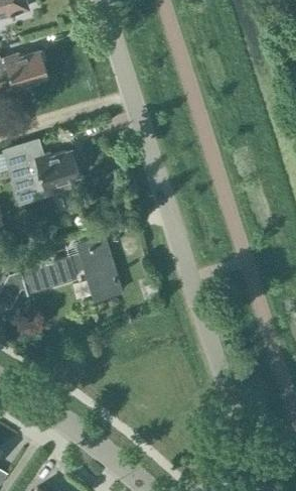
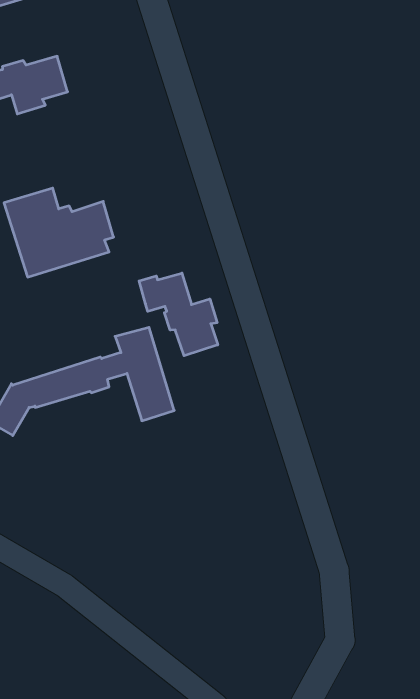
building: none -> [139,273,218,356]

